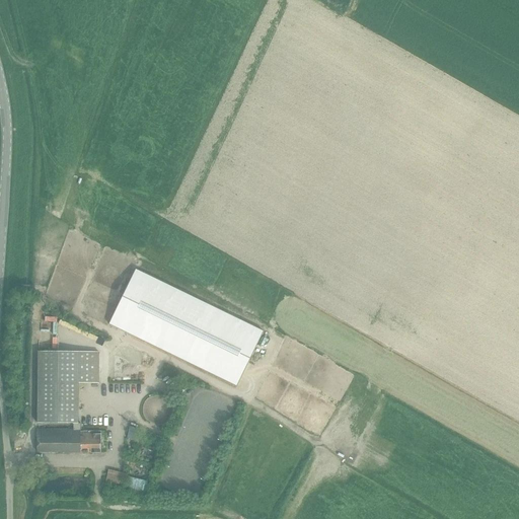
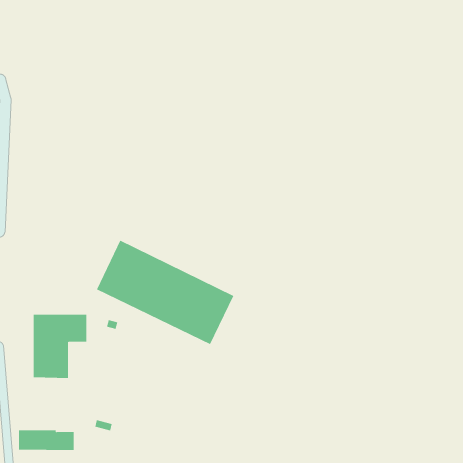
building: [36,429,99,452] -> [18,430,75,451]

